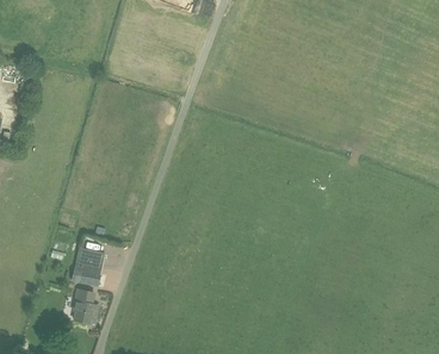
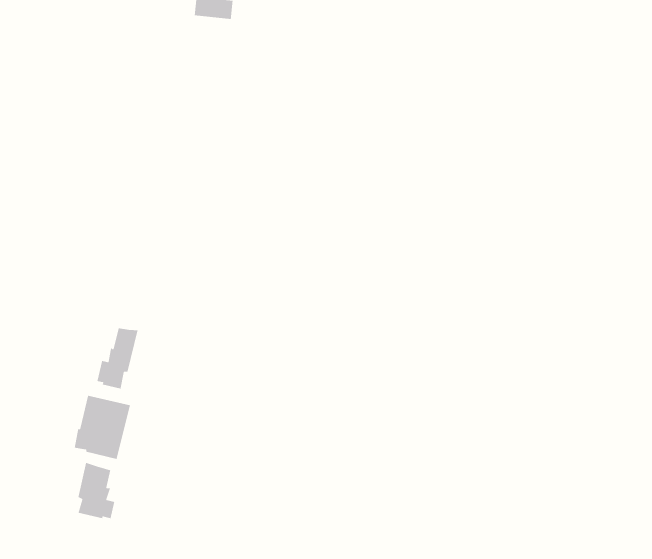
building: none -> [96,327,139,389]

